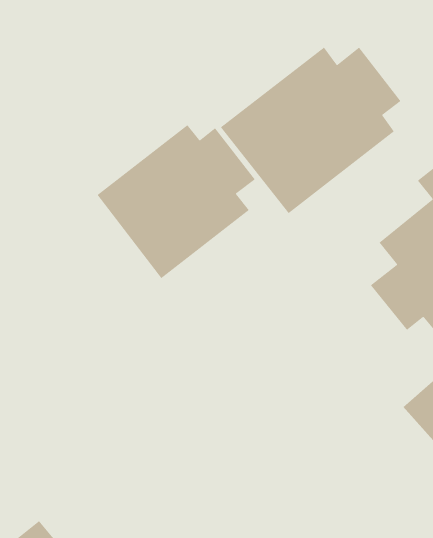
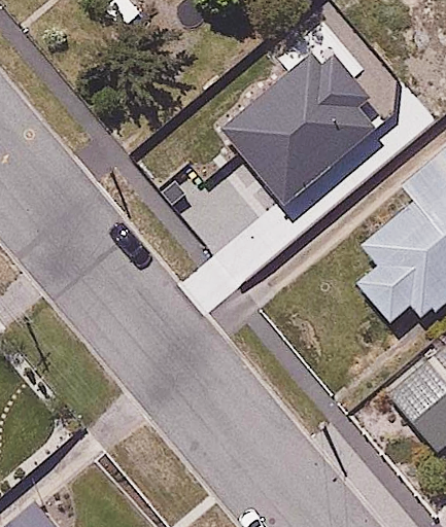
building: [97,124,256,279] -> none

